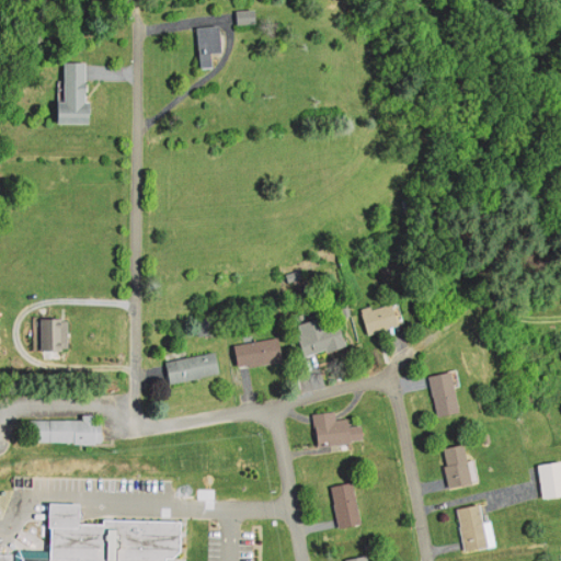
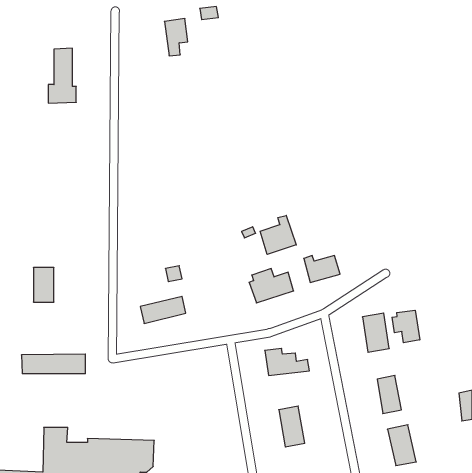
building: none -> [260,215,296,254]
building: [233,339,282,367] -> none
building: none -> [392,310,420,343]

